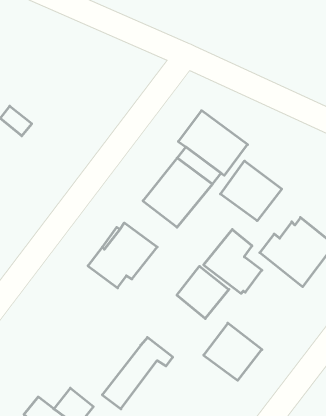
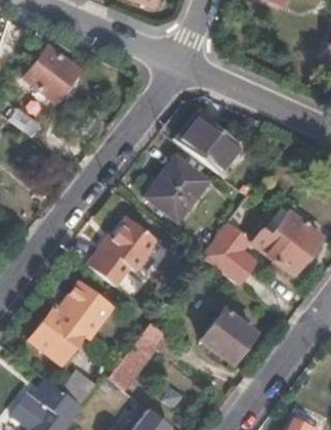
building: none -> [22,47,80,104]
building: [220,161,282,221] -> none
building: [177,266,229,319] -> none
building: none -> [29,282,111,364]

